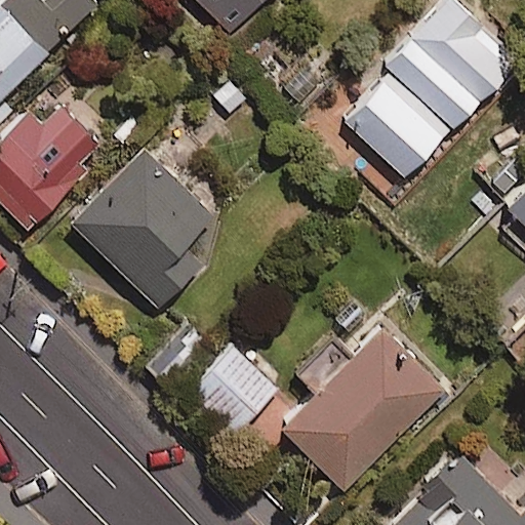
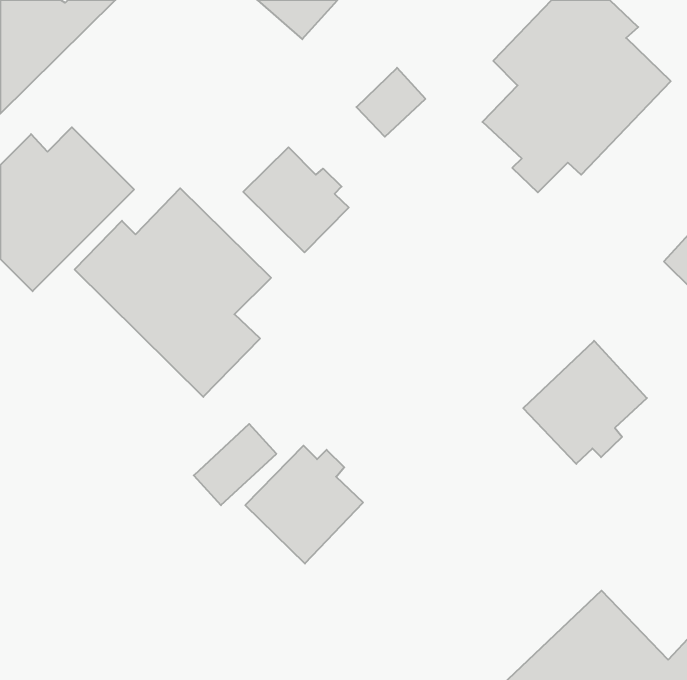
building: none -> [243,147,349,252]
building: none -> [523,341,647,464]
building: [280,327,444,490] -> none

